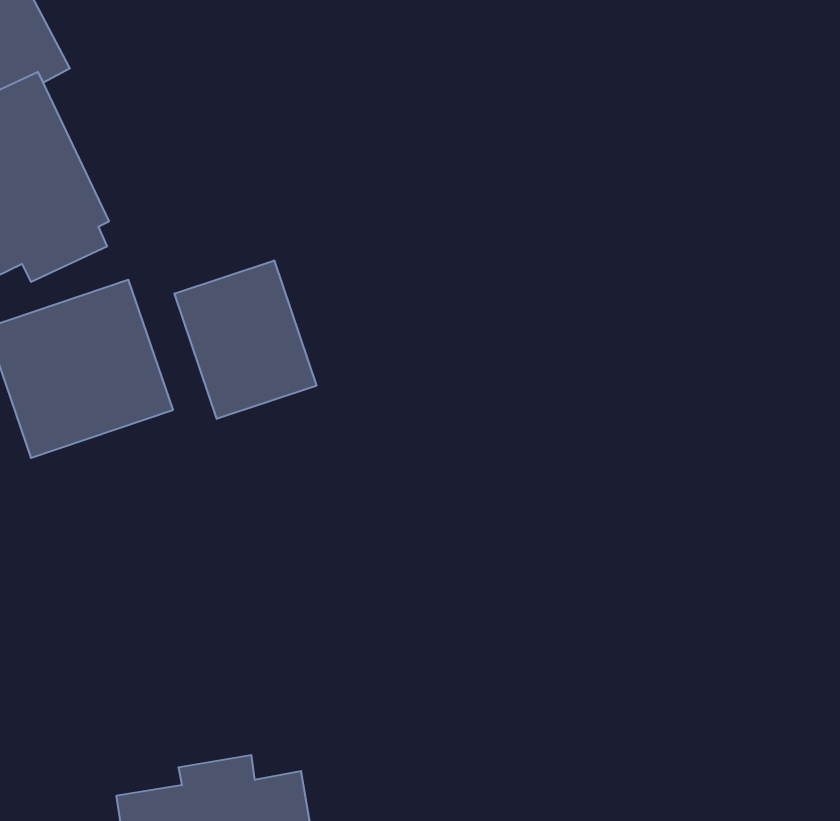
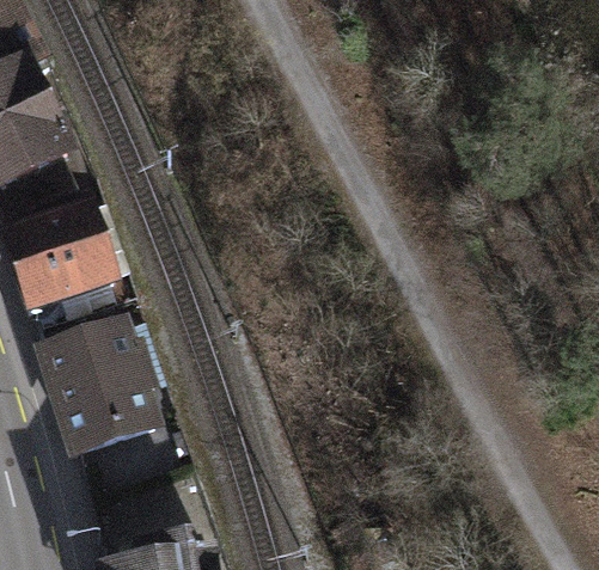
building: [174,260,316,419] -> none
building: none -> [32,315,166,461]

